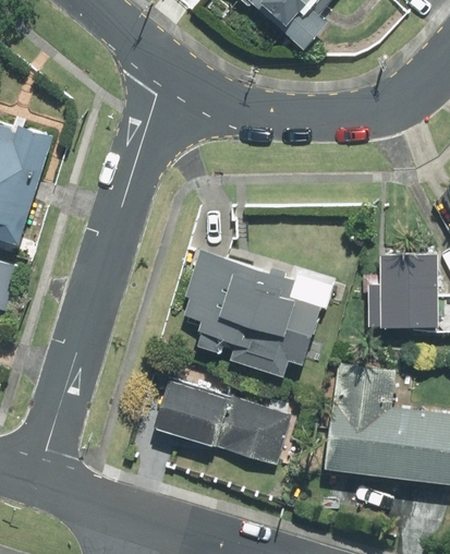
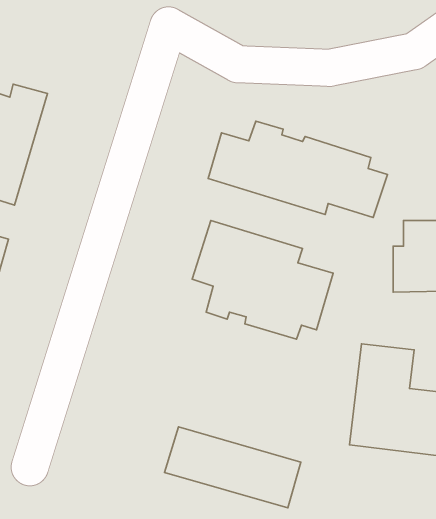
building: none -> [208,121,388,217]
building: [160,384,287,459] -> [164,427,301,508]

